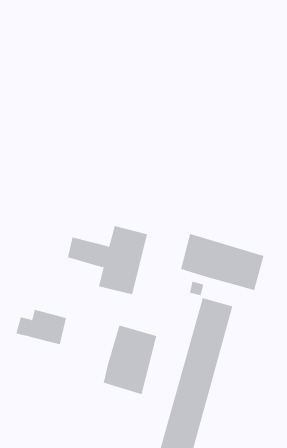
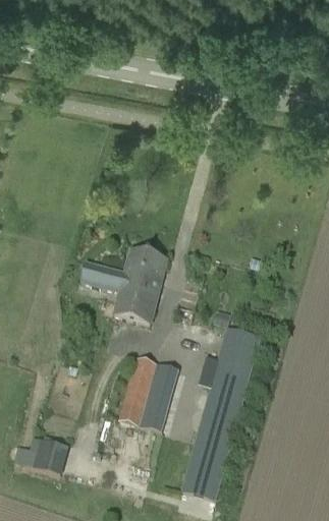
building: [181,233,264,291] -> none
building: [15,309,67,345] -> [13,436,69,474]

